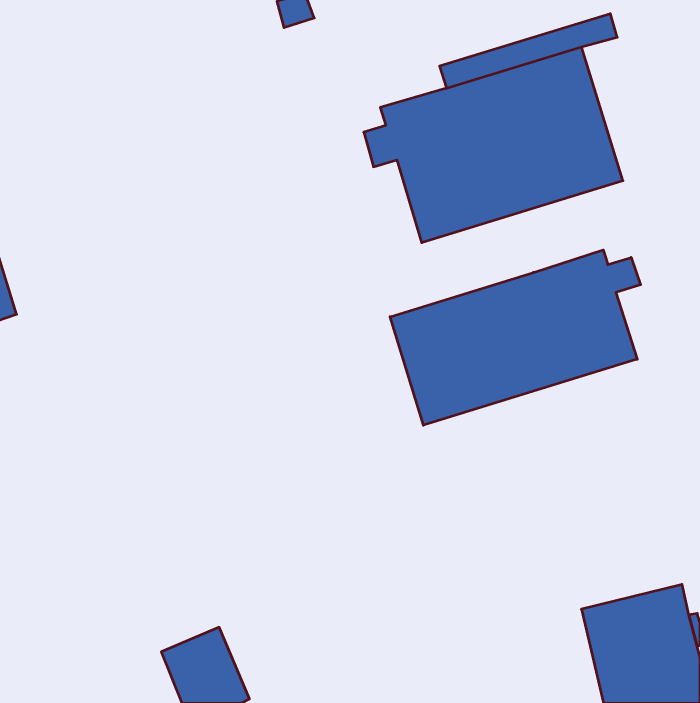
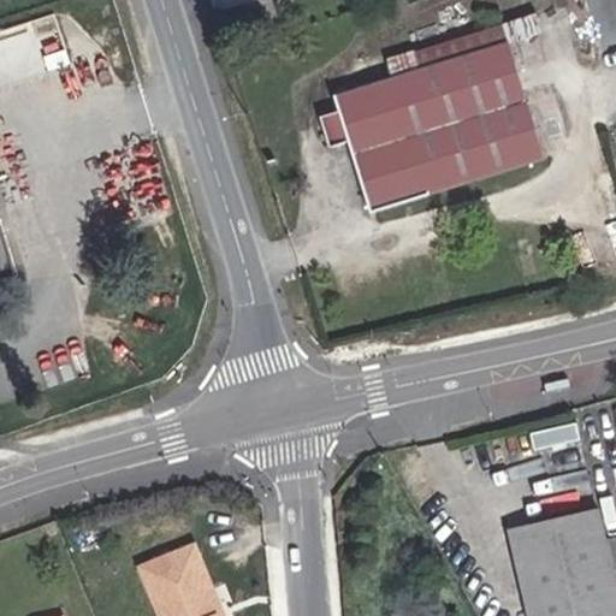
building: [390,250,641,425] -> none

